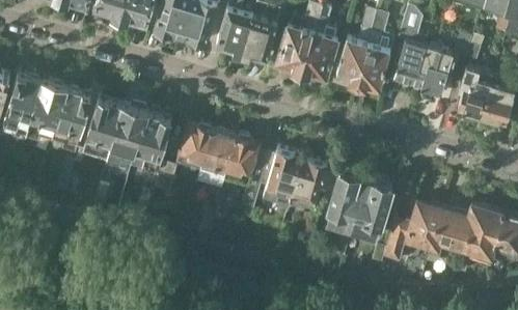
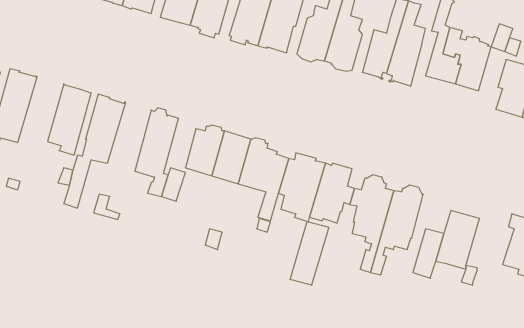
building: [26,80,67,147] -> none
building: [105,103,147,174] -> none
building: [432,207,474,249] -> none
building: none -> [290,222,329,285]

